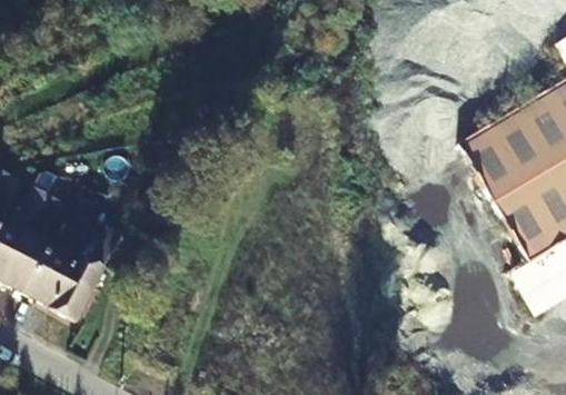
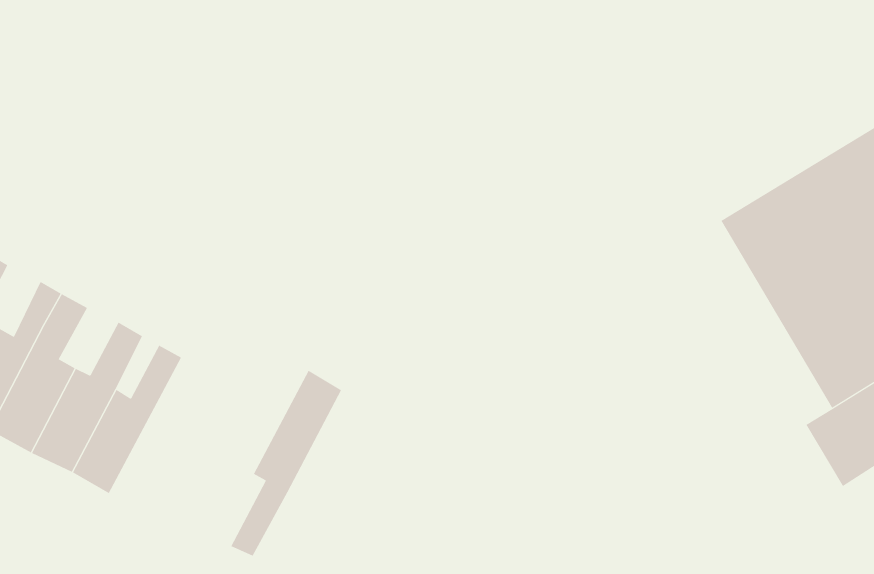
building: none -> [231,370,342,557]

